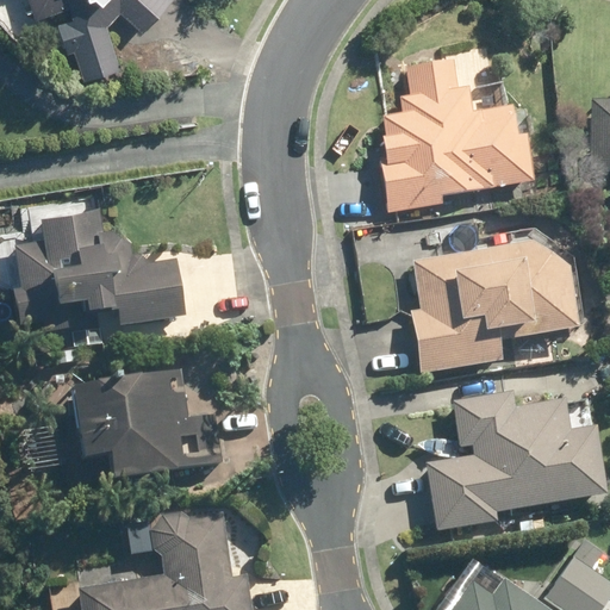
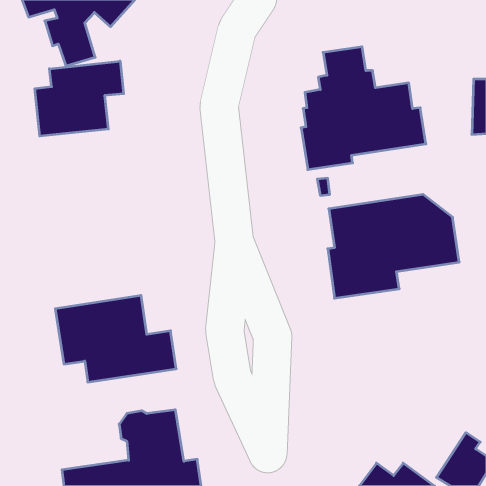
building: none -> [35,61,124,136]
building: [13,205,182,330] -> none
building: [424,391,604,531] -> none

